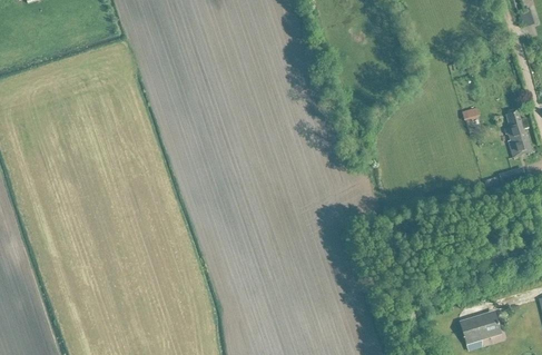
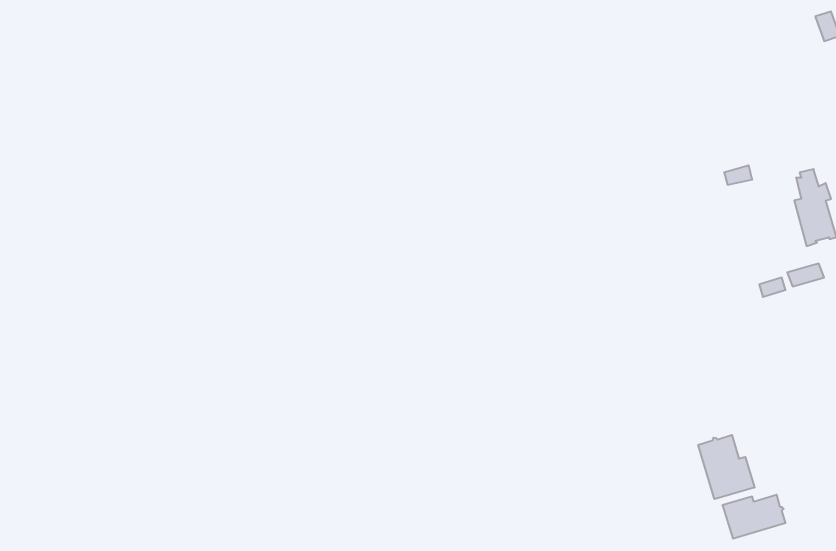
building: none -> [698,435,755,499]

